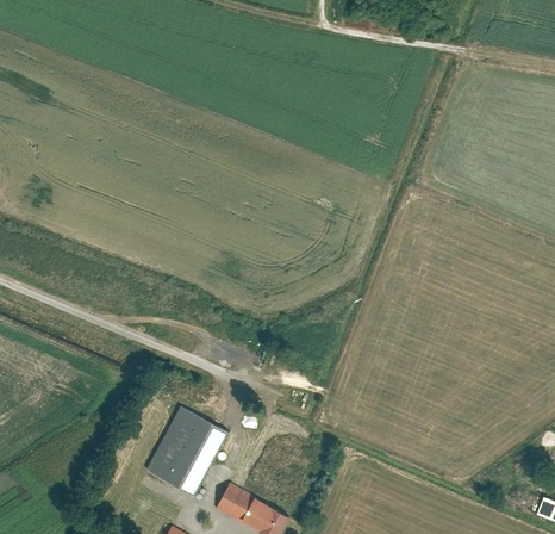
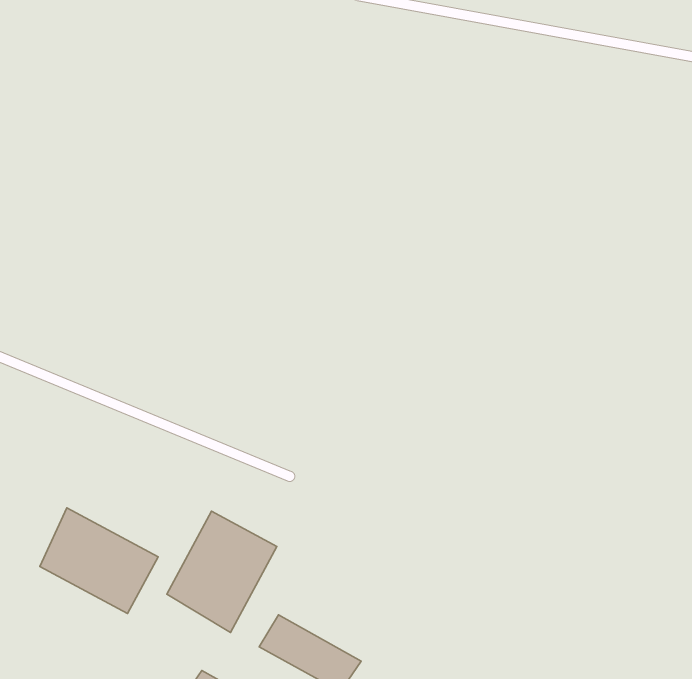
building: none -> [40,508,158,614]

